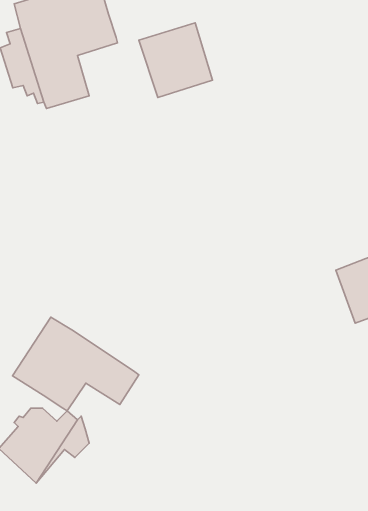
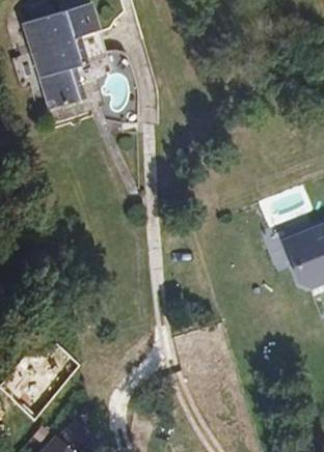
building: [139,23,212,97] -> none
building: [13,317,139,411] -> none

